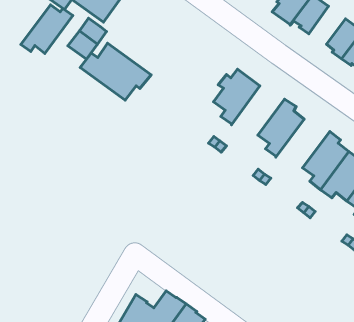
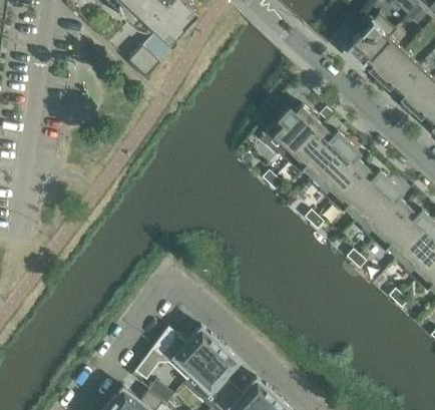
building: [21,5,73,54] -> none
building: none -> [380,50,420,89]
building: [80,43,151,100] -> none
building: none -> [289,124,347,175]
building: none -> [331,164,390,215]

